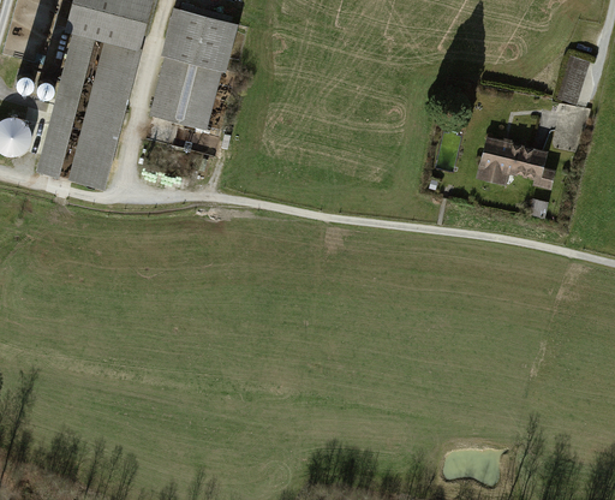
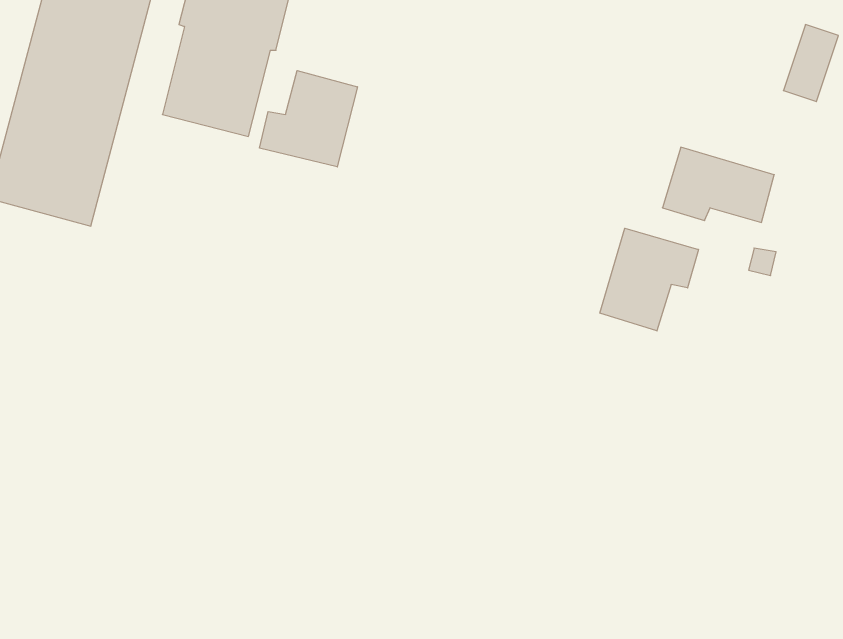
building: none -> [260,71,357,167]
building: none -> [600,228,698,331]

